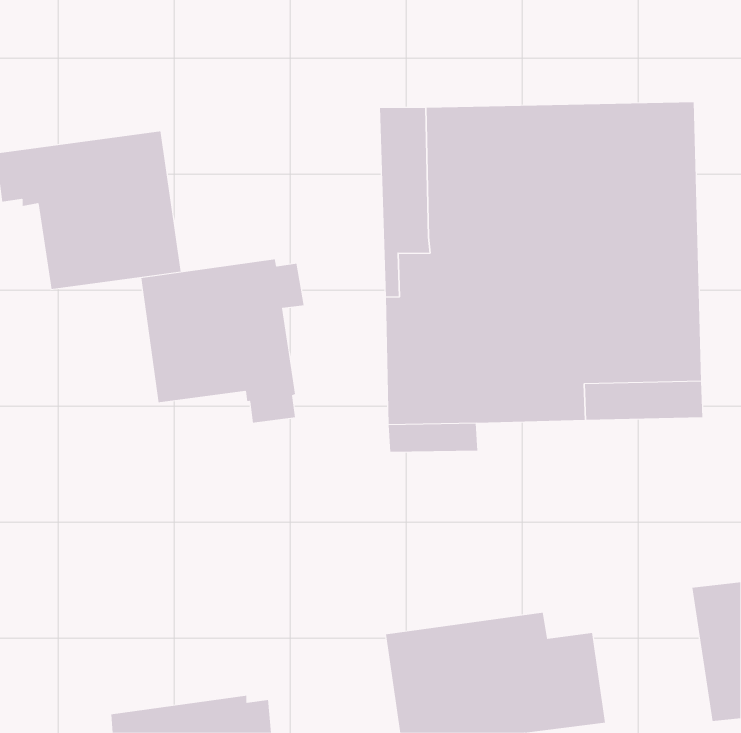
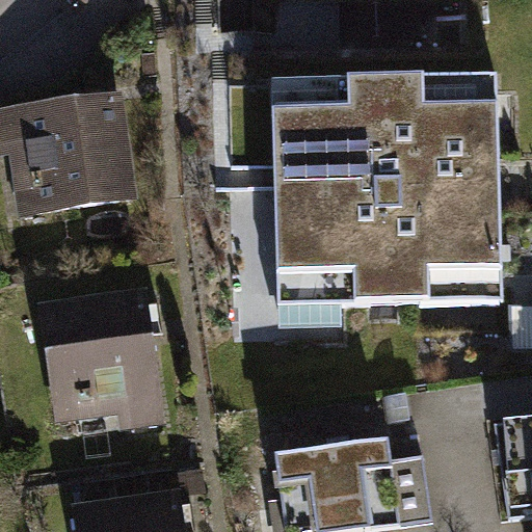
building: [140,259,305,423] -> [46,296,163,414]

